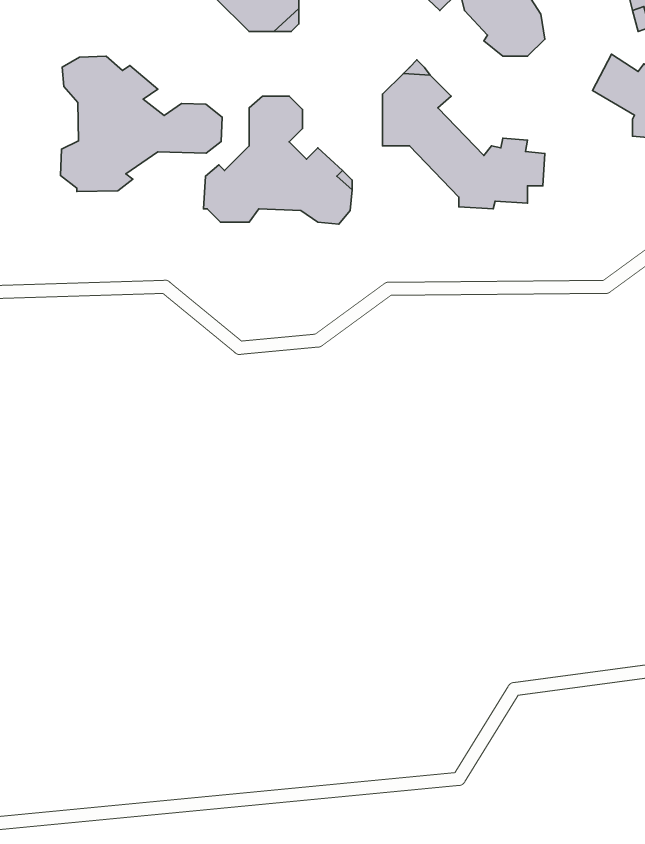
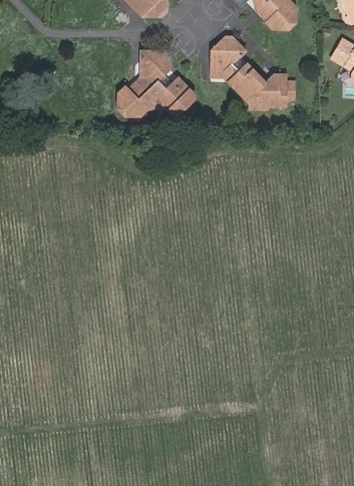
building: [60,56,222,192] -> none

